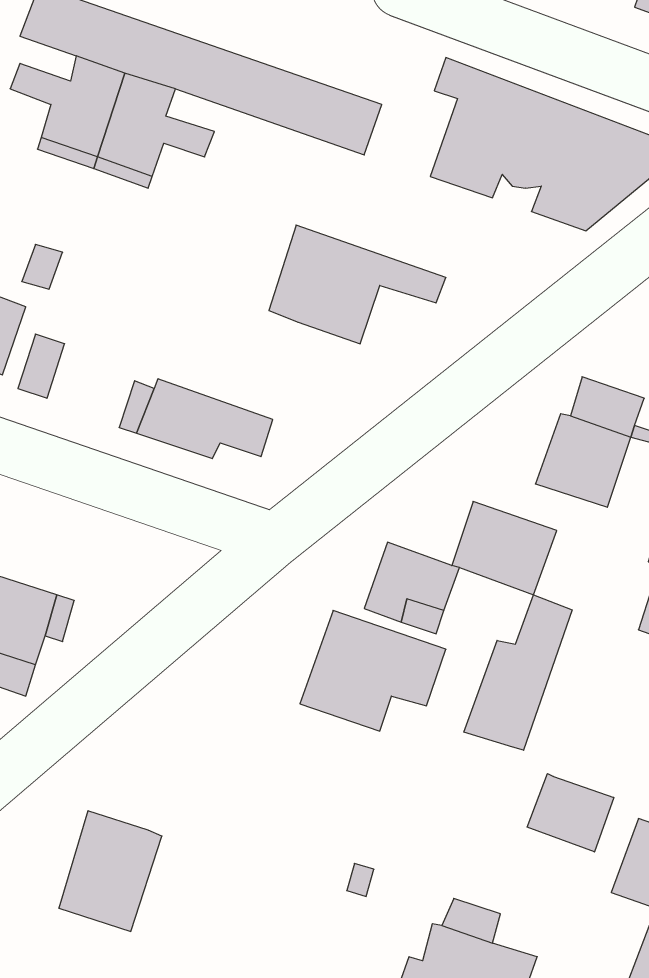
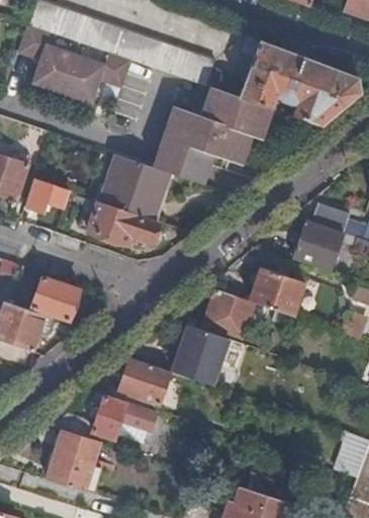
building: none -> [170,88,272,150]
building: none -> [102,155,171,220]
building: none -> [32,277,78,321]
building: [464,595,572,750] -> none
building: none -> [120,357,172,404]
building: none -> [54,395,157,442]
building: [527,774,614,852] -> none

